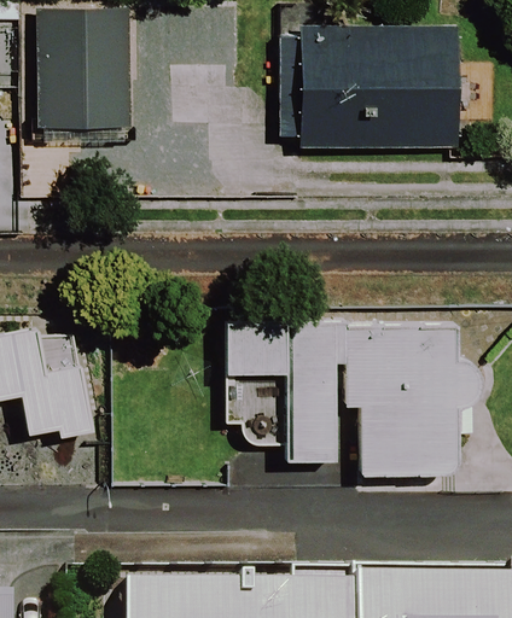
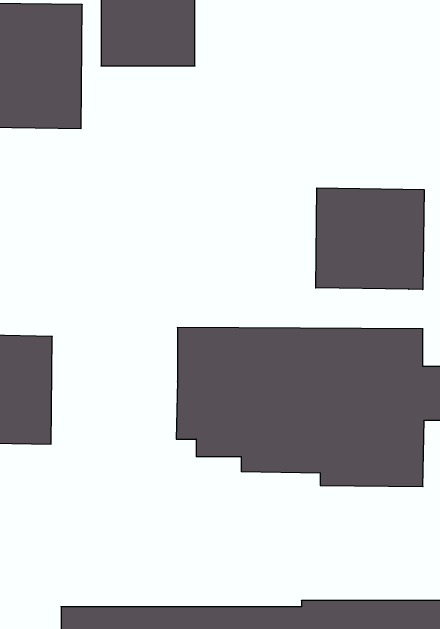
building: [275,28,454,150] -> none
building: none -> [316,188,424,290]

